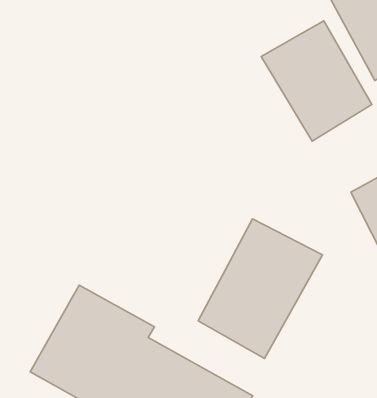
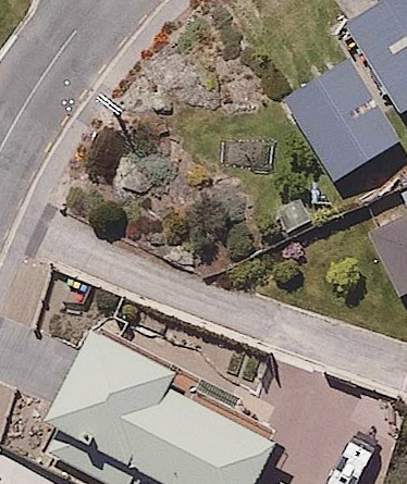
building: [198,219,322,359] -> none

